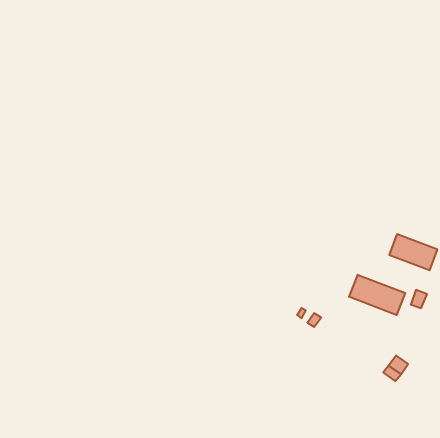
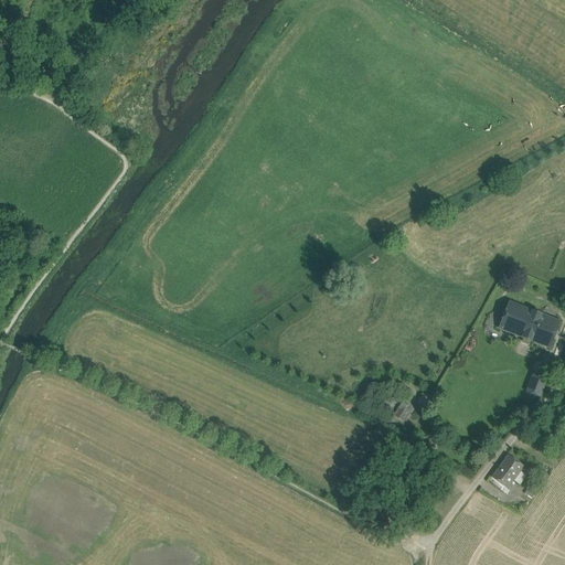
building: [349,275,405,315] -> none

